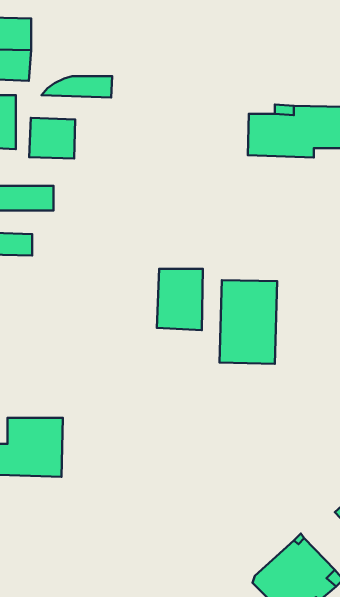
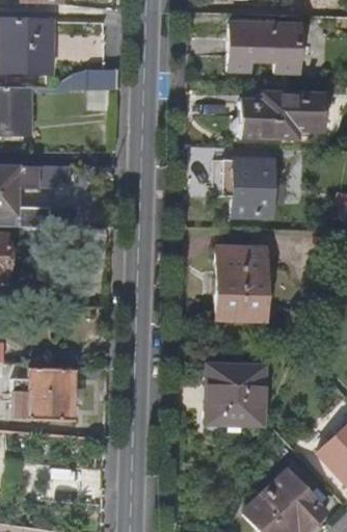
building: none -> [229,23,299,74]
building: [29,118,75,159] -> none
building: [157,269,203,330] -> [232,163,272,217]
building: none -> [205,365,264,426]

